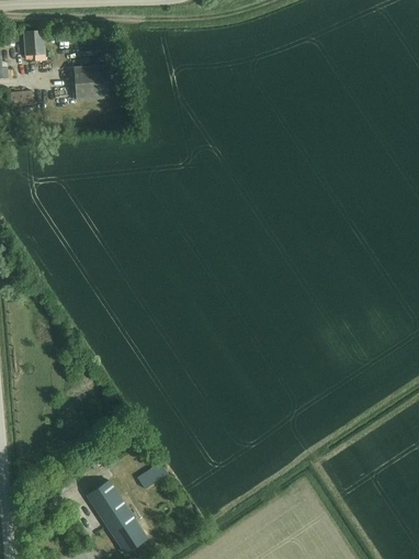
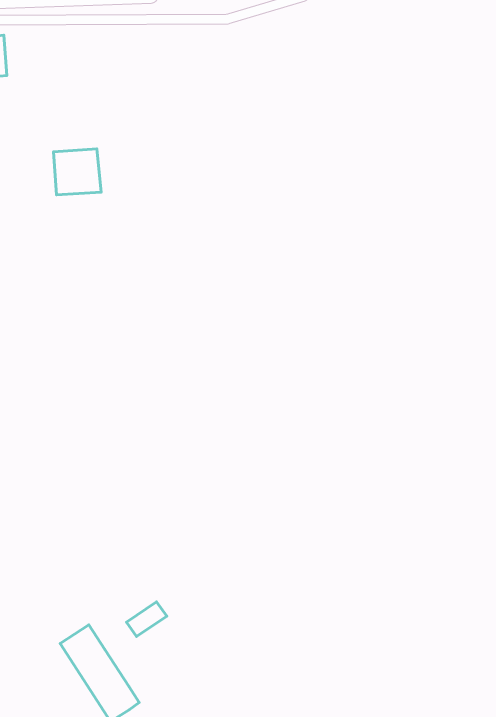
building: [73,64,110,99] -> [54,149,101,195]

